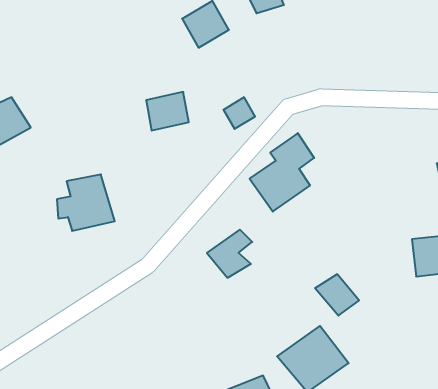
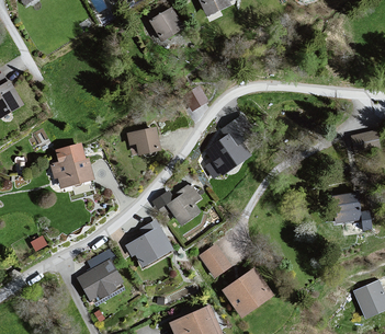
building: [146,92,189,131] -> [125,124,159,154]
building: none -> [127,221,178,272]
building: [315,274,359,316] -> [196,245,231,278]
building: none -> [76,261,124,298]

